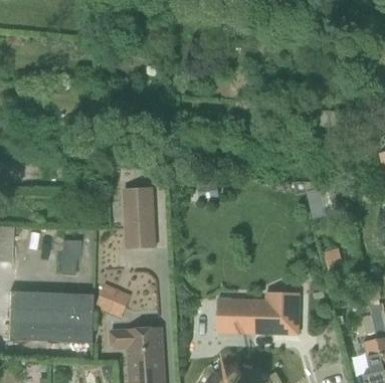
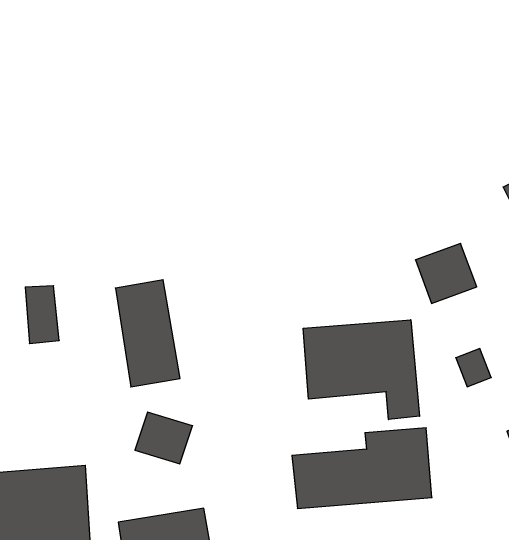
building: none -> [303,320,420,420]
building: [58,239,76,273] -> [25,286,59,344]
building: [95,285,132,319] -> [135,412,193,464]

